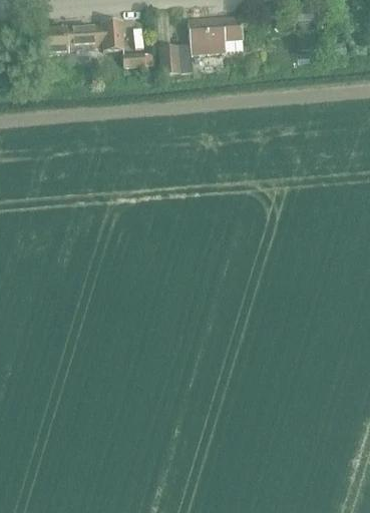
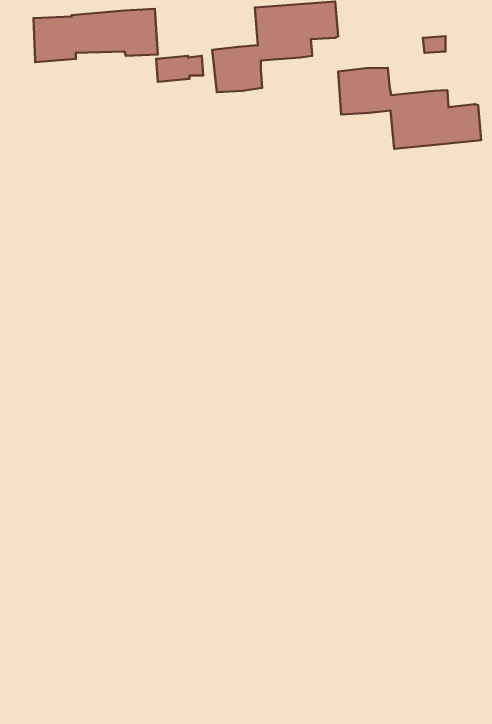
building: none -> [338,68,481,149]

